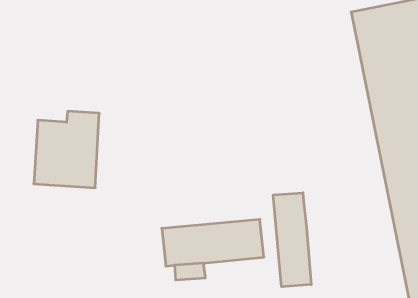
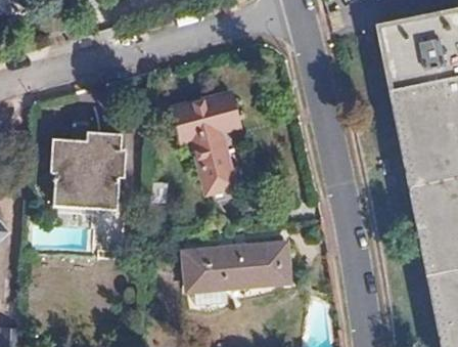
building: none -> [170,92,236,192]
building: [273,193,311,287] -> none

